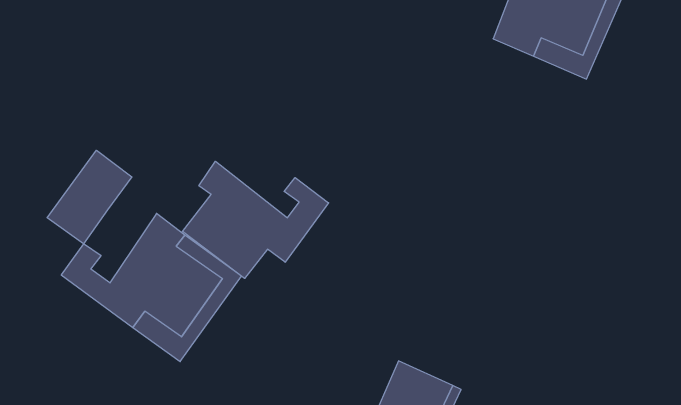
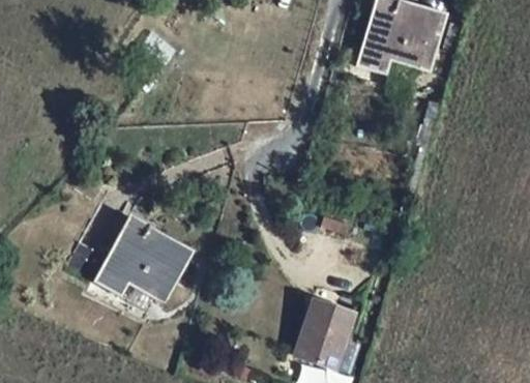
building: [47,150,132,244] -> none
building: [182,161,329,278] -> none

